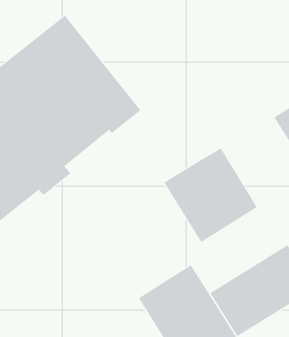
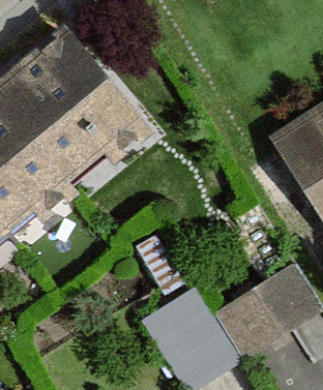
building: [163,148,258,243] -> none

